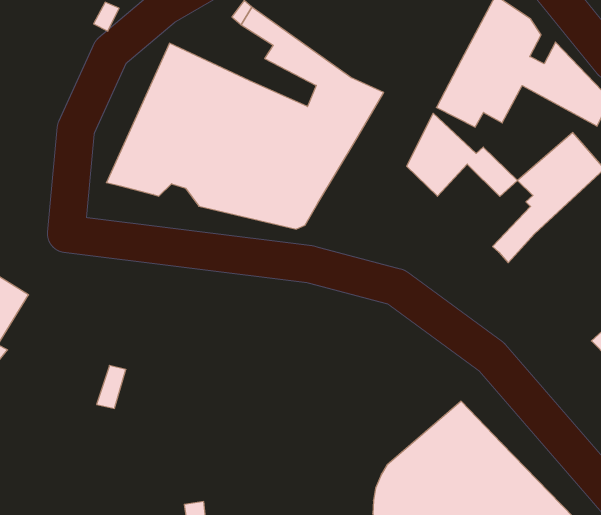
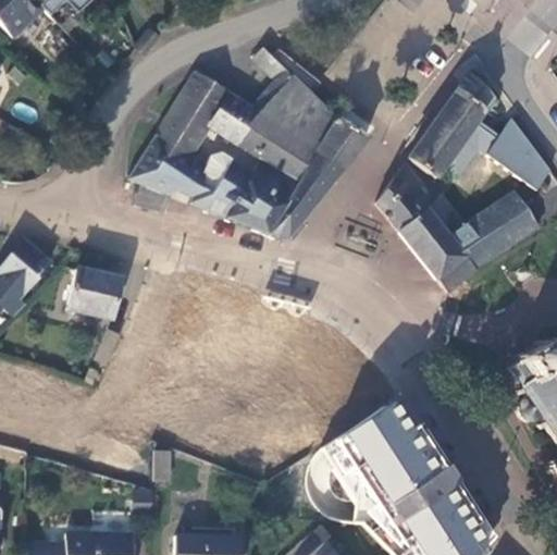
building: none -> [258,96,312,140]
building: none -> [398,207,476,278]
building: none -> [66,268,122,320]

